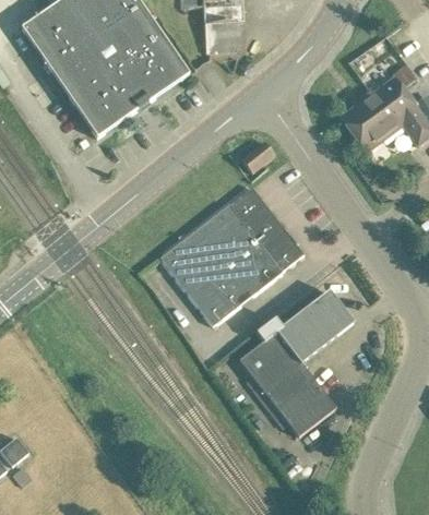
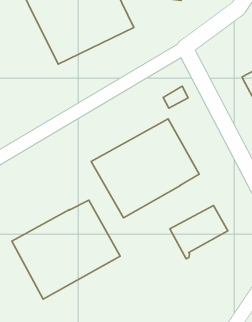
building: none -> [12,200,120,299]
building: [239,331,335,436] -> none

